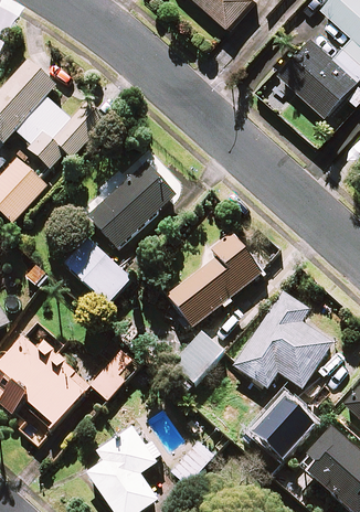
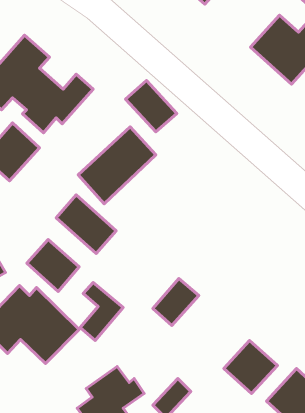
building: none -> [125,81,177,132]
building: [166,233,261,326] -> none
building: none -> [27,240,79,291]
building: [232,291,331,386] -> none

